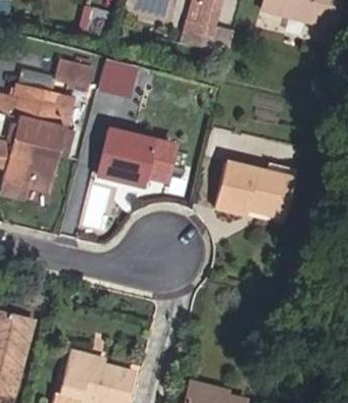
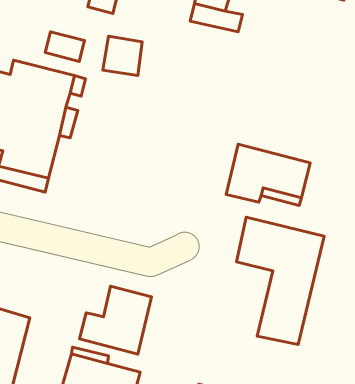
building: [97,129,176,187] -> none
building: none -> [236,217,324,345]
building: none -> [79,286,152,354]

